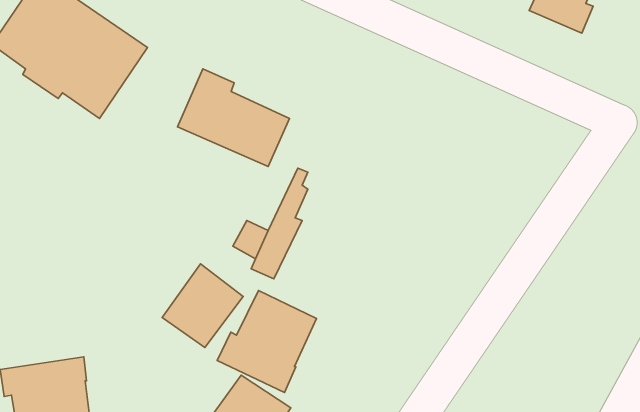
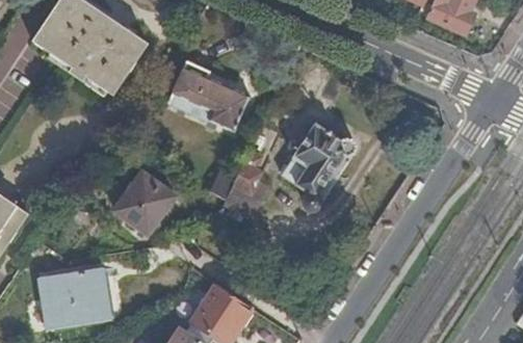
building: none -> [280,123,356,209]
building: [162,264,243,347] -> [114,173,174,234]
building: [217,290,316,393] -> none

